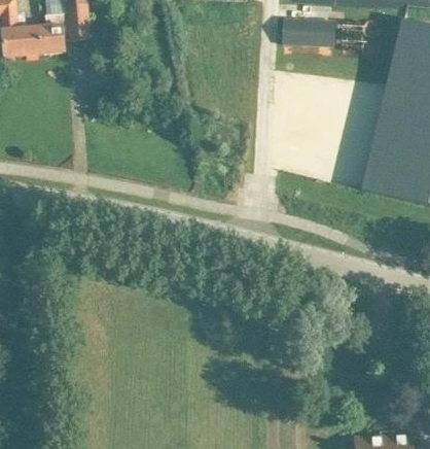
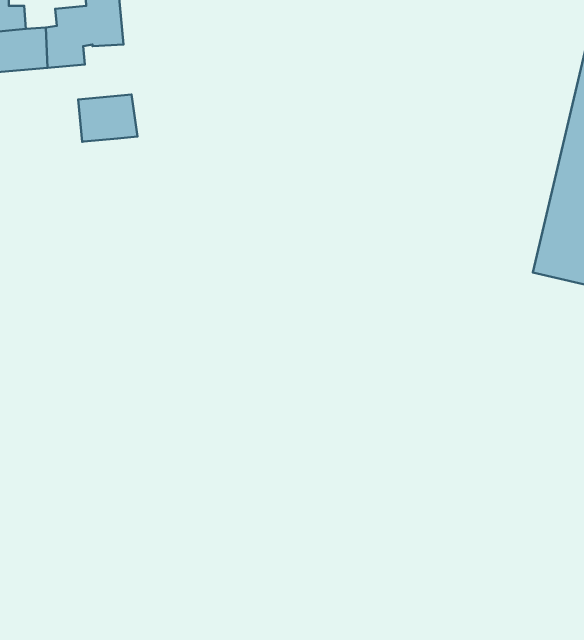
building: [283,18,333,45] -> none
building: none -> [78,95,137,142]

